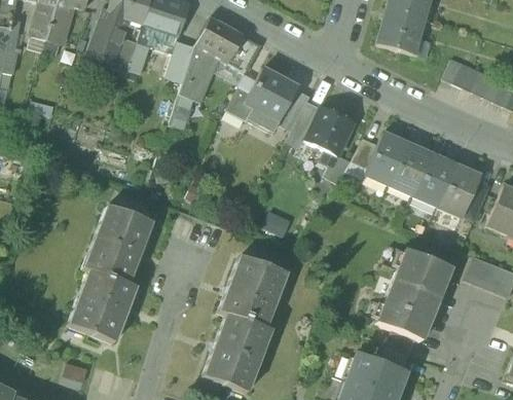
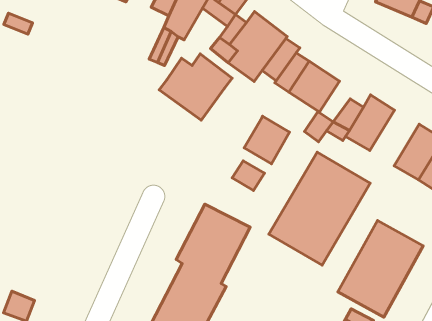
building: none -> [159,54,232,120]
building: [390,144,433,196] -> none
building: none -> [244,116,289,164]
building: none -> [269,152,370,265]
building: [69,206,151,342] -> none

